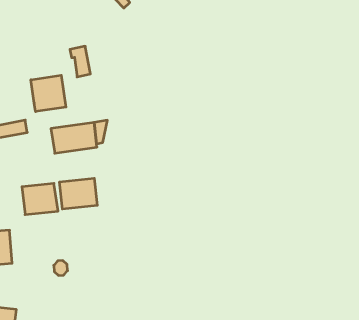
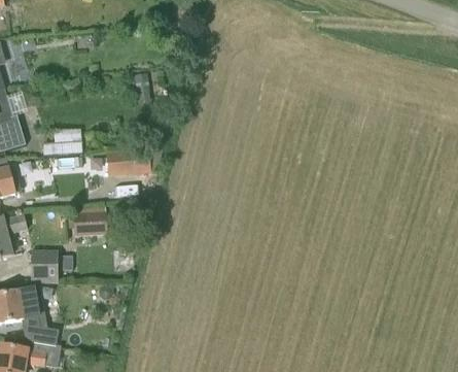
building: [31,75,66,112] -> none
building: [60,178,97,209] -> none

